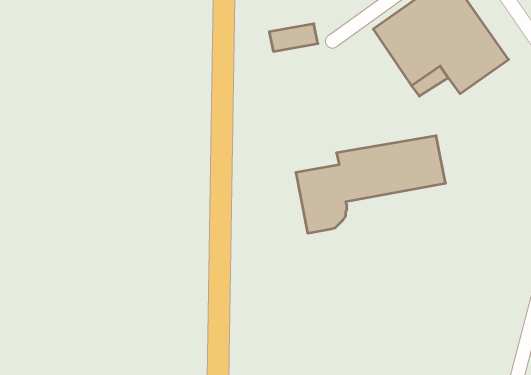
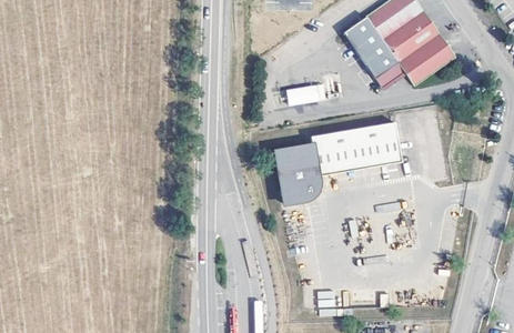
building: [269,24,318,51] -> [286,82,327,105]

